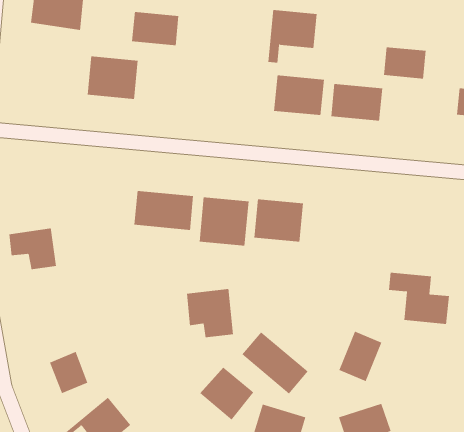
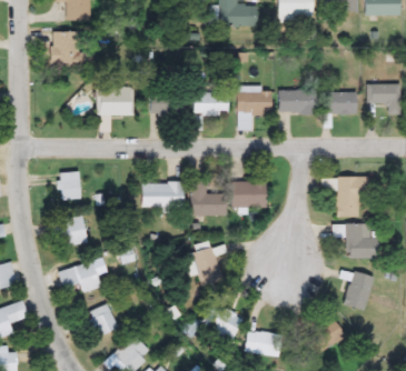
building: [268,10,318,63] -> [194,90,227,129]
building: [131,11,179,46] -> [150,92,184,114]
building: [383,47,426,79] -> [321,92,351,113]
building: none -> [59,171,80,199]
building: none -> [336,176,369,217]
building: none -> [58,260,99,290]
building: [338,331,382,382] -> [343,274,373,311]
building: [242,331,308,394] -> none

